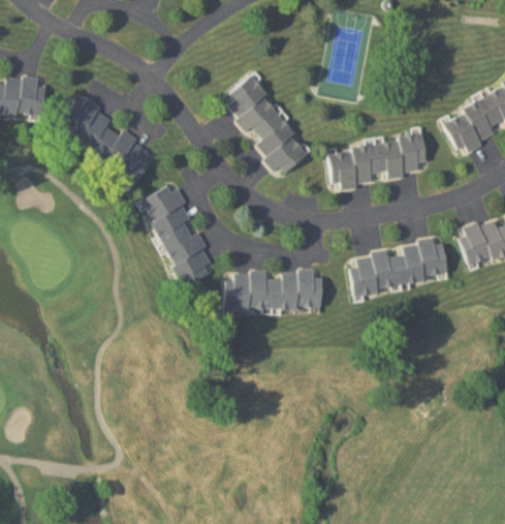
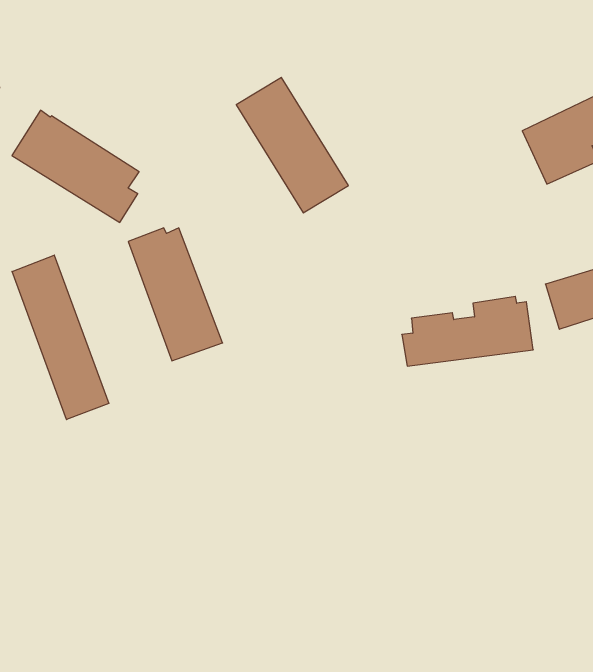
building: [327,135,429,186] -> none
building: none -> [12,255,109,420]
building: [225,272,322,309] -> none

